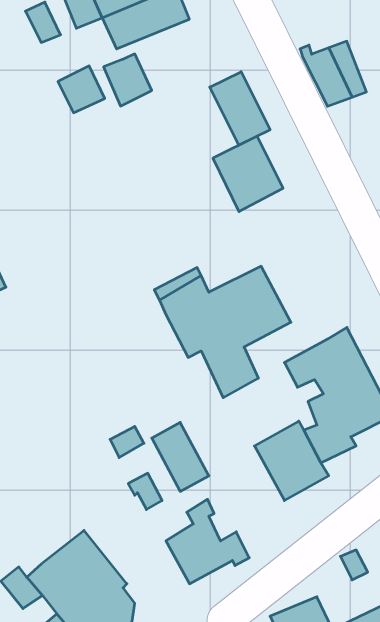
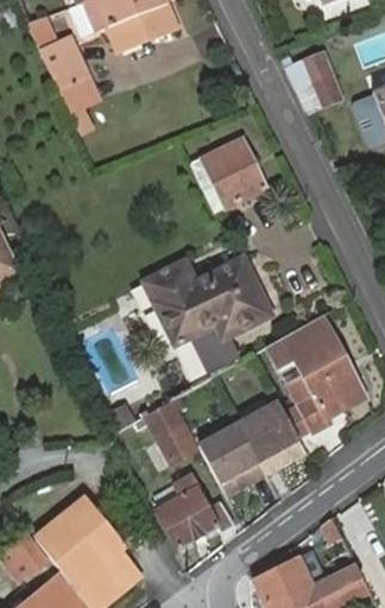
building: [104,54,152,106] -> [44,40,88,88]
building: [210,72,270,145] -> none
building: none -> [197,420,266,493]

